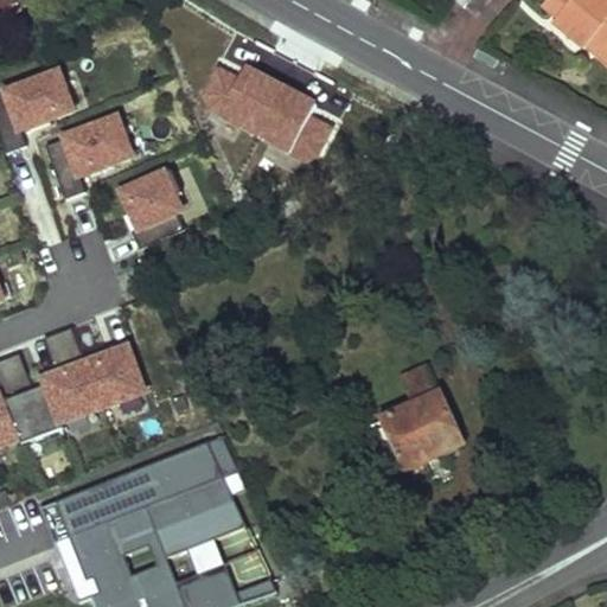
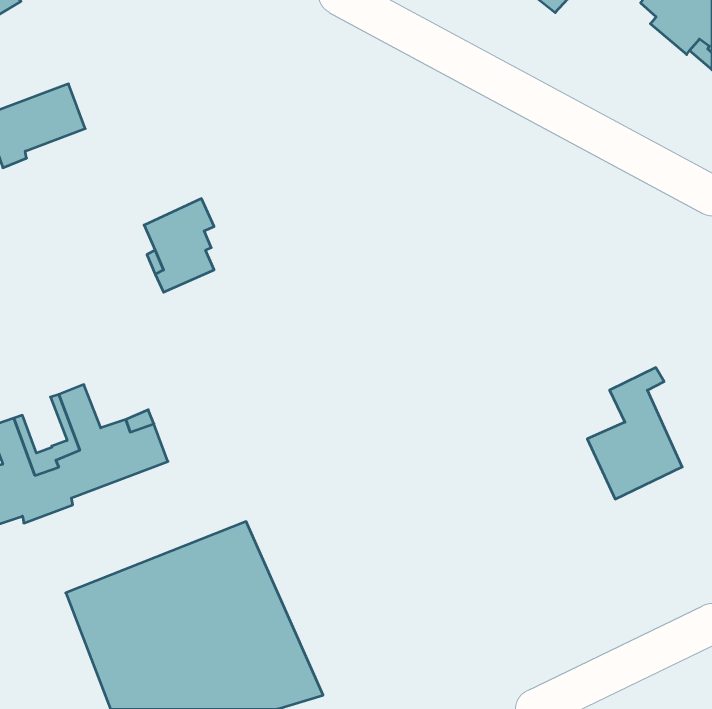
building: [203,65,328,156] -> none
building: [45,117,130,198] -> none
building: [382,357,462,468] -> [587,368,682,499]

